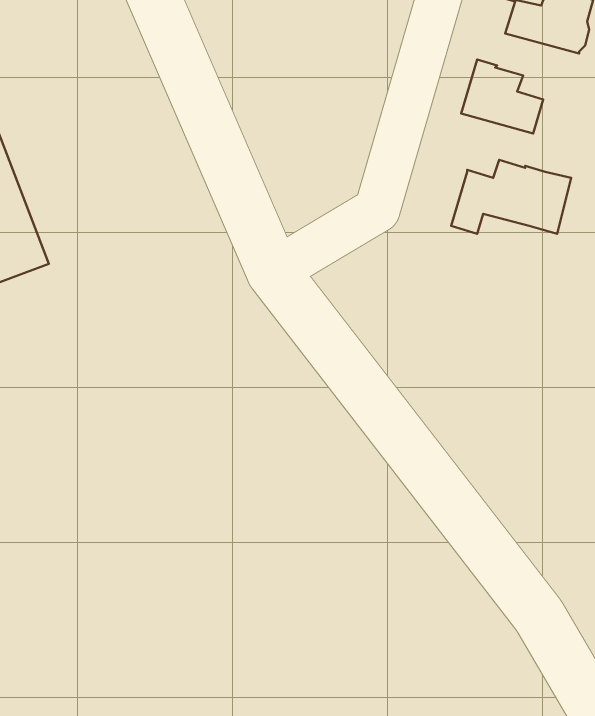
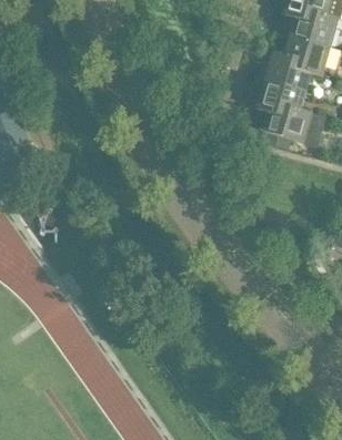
building: none -> [284,35,331,75]
building: none -> [258,80,305,115]

